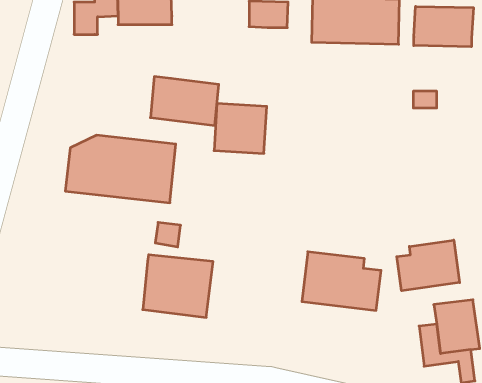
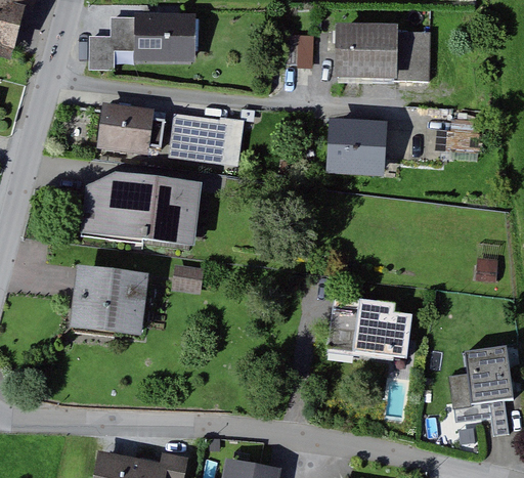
building: [414,6,473,47] -> none
building: none -> [102,105,151,153]
building: [214,104,267,153] -> [328,122,383,174]
building: [397,240,460,291] -> none
building: [143,255,213,317] -> [72,269,145,335]

